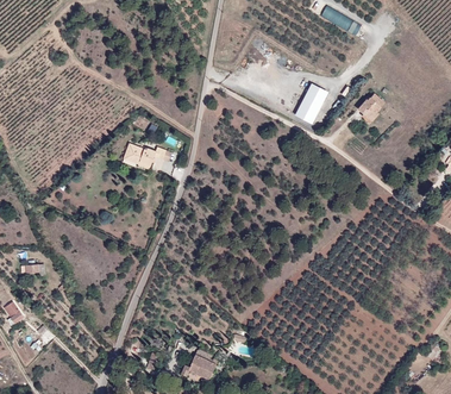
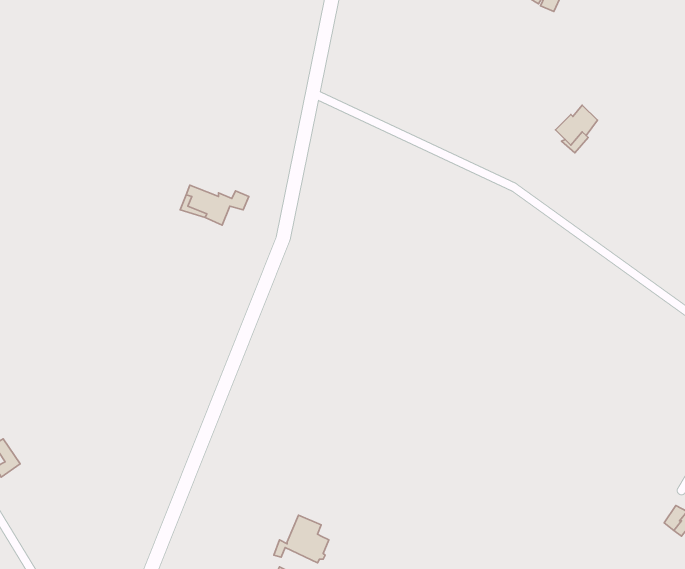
building: [295,85,327,124] -> none

